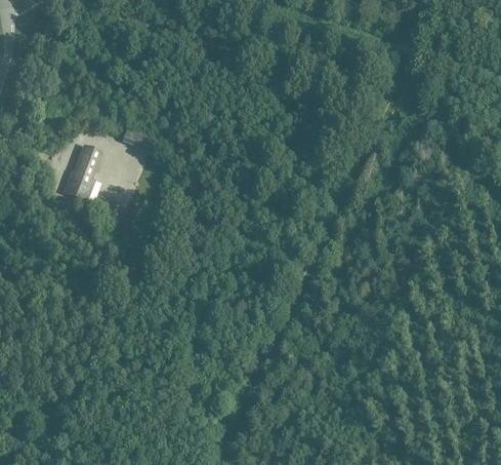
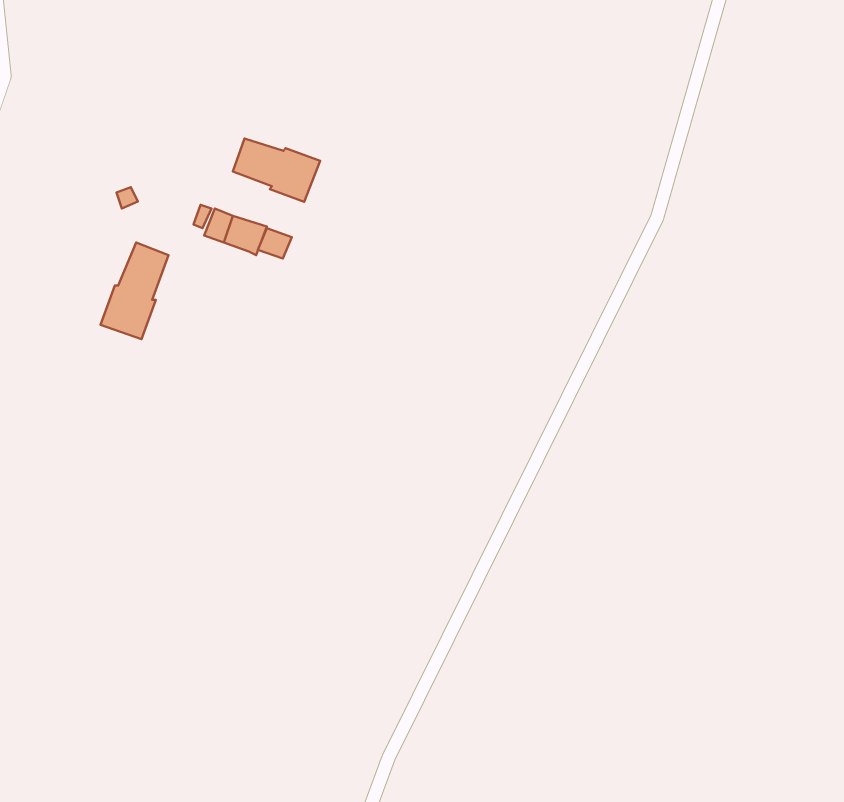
building: none -> [233,139,320,202]

